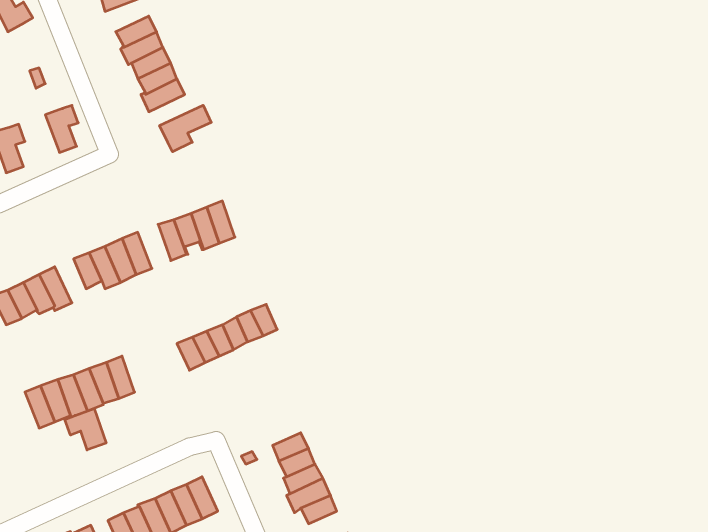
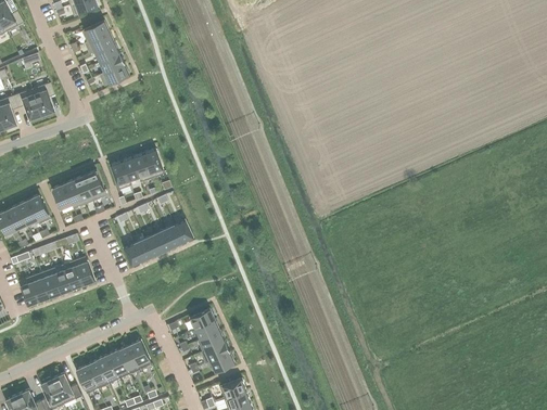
building: [160,105,211,152] -> none
building: none -> [14,89,42,119]
building: [65,409,106,450] -> none

